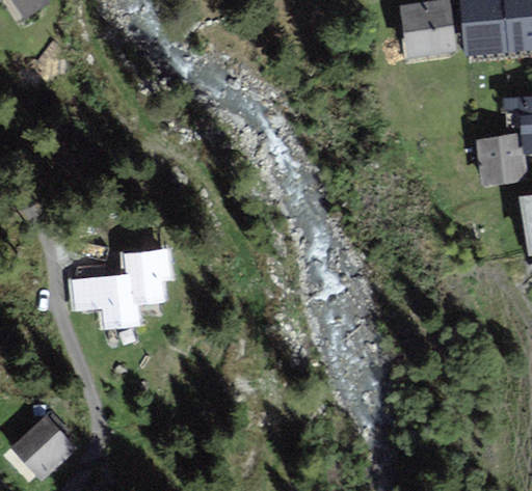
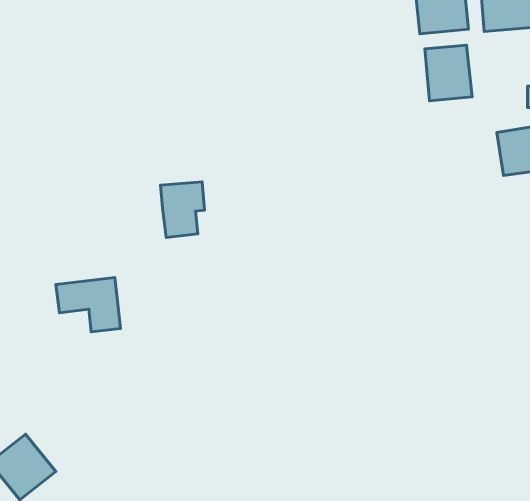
building: none -> [425,45,472,101]
building: [127,252,167,303] -> [160,182,205,237]

